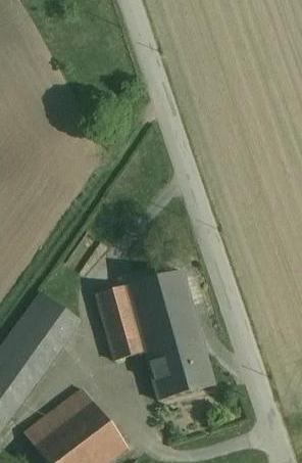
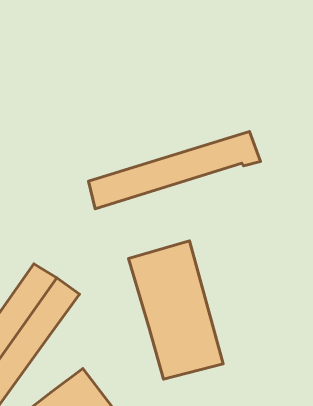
building: none -> [88,132,261,209]
building: [98,286,146,360] -> none

